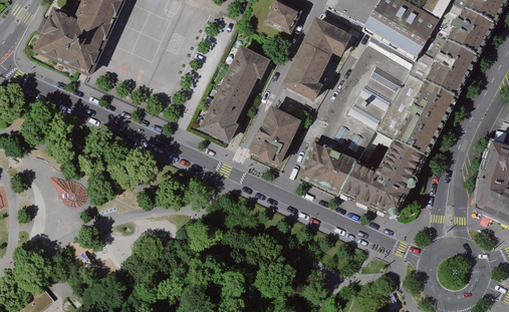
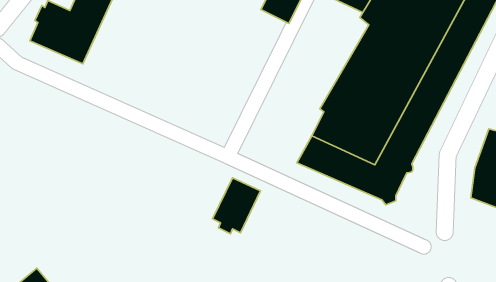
building: [283,18,352,101] -> none
building: [201,48,267,141] -> none
building: [251,109,299,166] -> [212,178,260,234]

